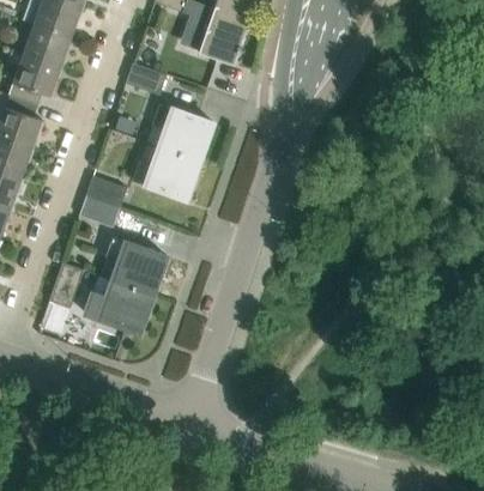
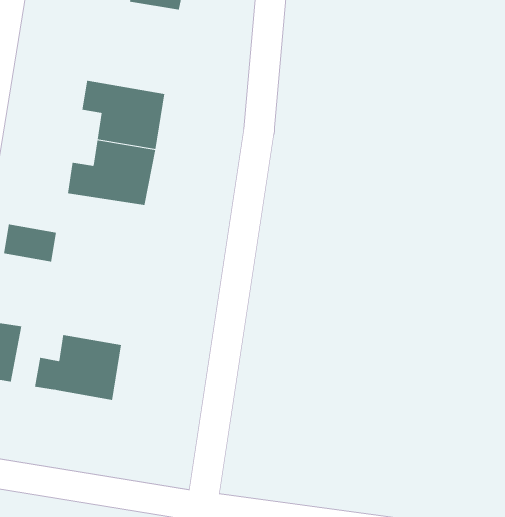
building: [126,62,167,95] -> none
building: [86,176,127,207] -> none
building: [101,236,167,295] -> none

